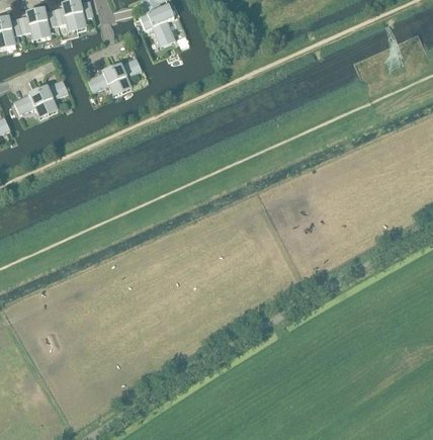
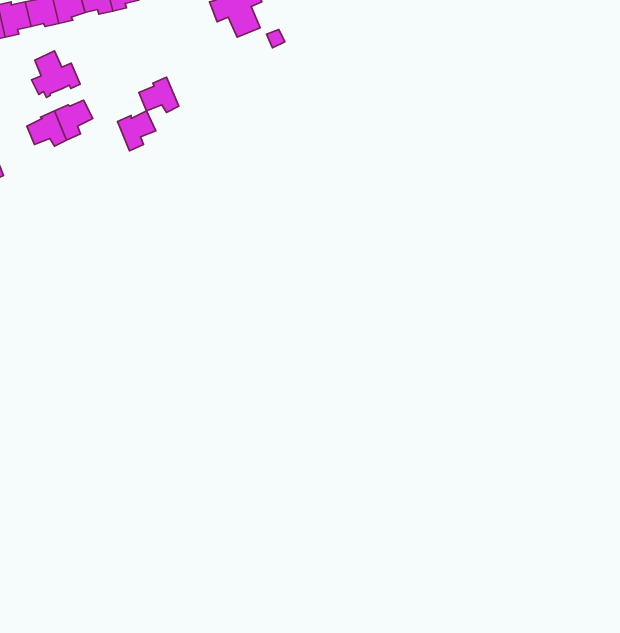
building: none -> [32,51,80,97]
building: [111,62,137,88] -> [117,111,156,151]

